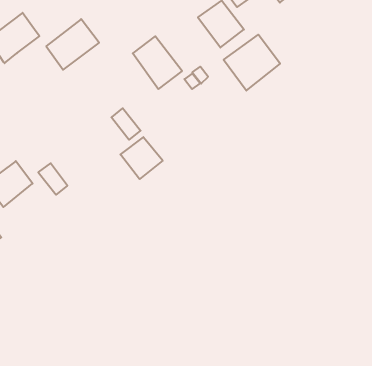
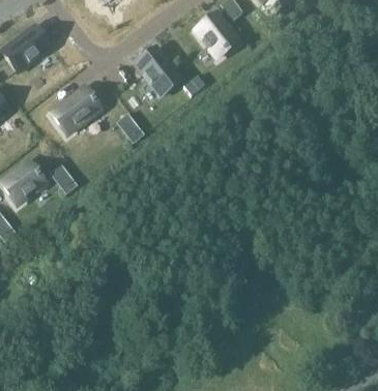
building: [46,19,99,70] -> [51,88,99,134]
building: [224,35,280,91] -> none
building: [120,137,163,179] -> none

